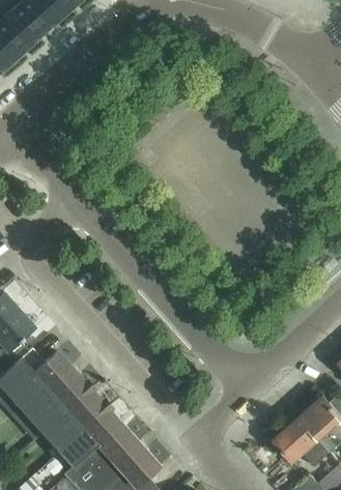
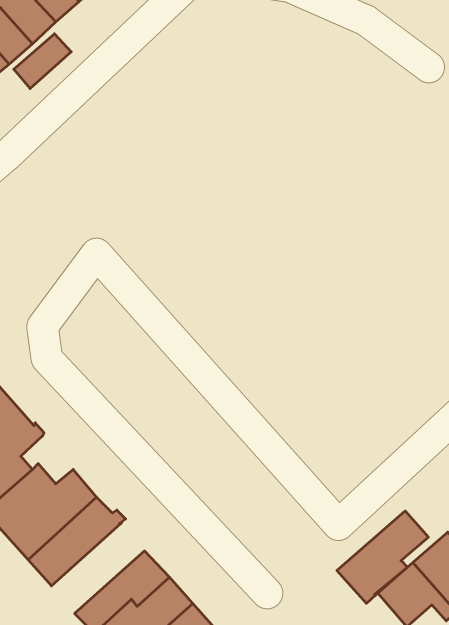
building: none -> [14,34,71,89]
building: none -> [337,511,428,603]
building: [41,390,111,454] -> none

